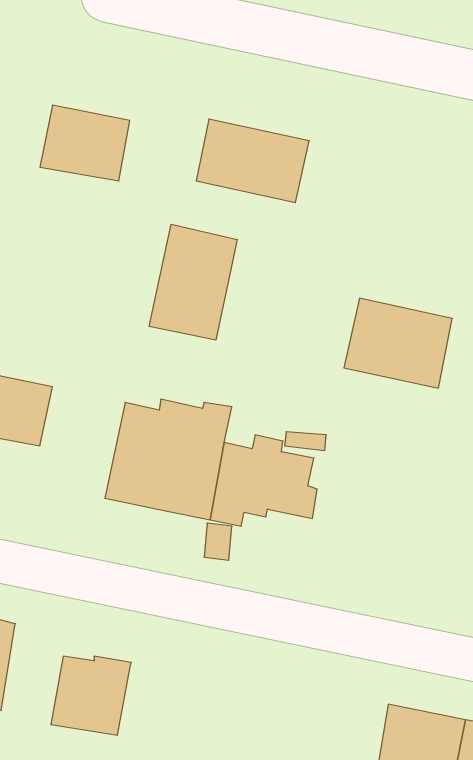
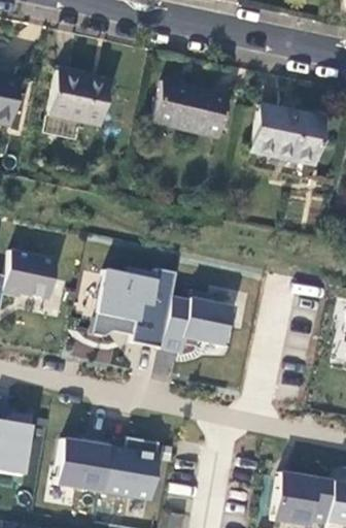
building: [149,224,237,340] -> none
building: [344,298,452,388] -> [251,103,323,163]
building: none -> [102,437,160,499]

